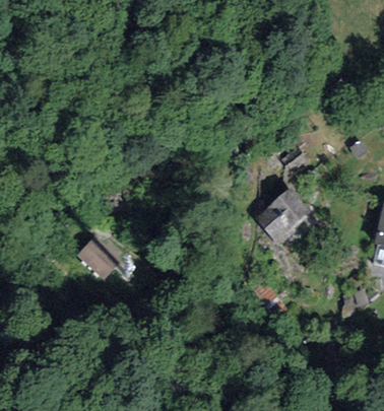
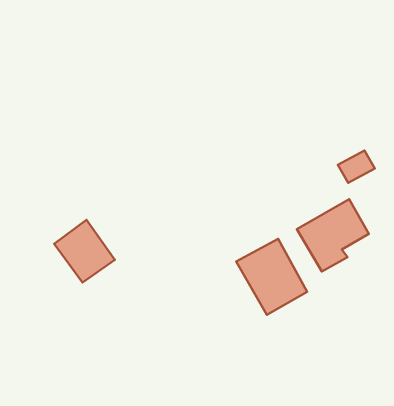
building: none -> [236,239,307,315]

